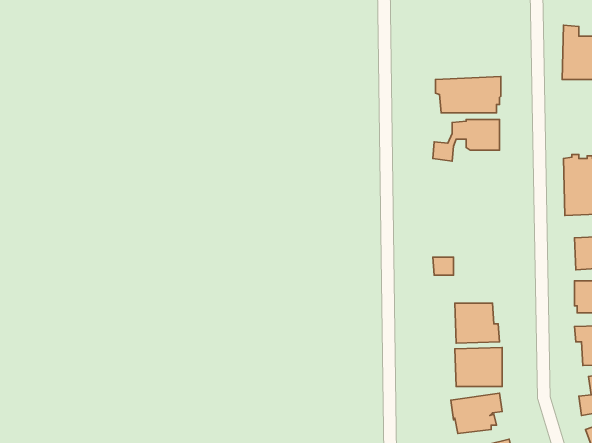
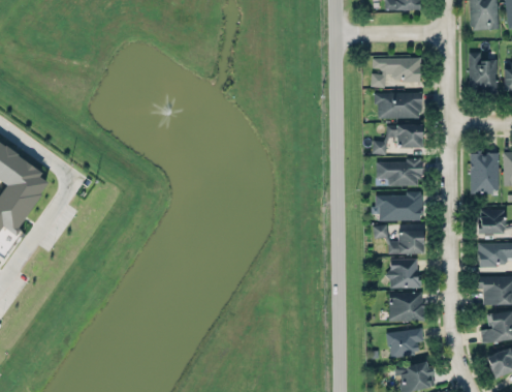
building: none -> [372,60,421,89]
building: none -> [377,161,422,188]
building: none -> [374,195,423,222]
building: none -> [388,233,424,257]

